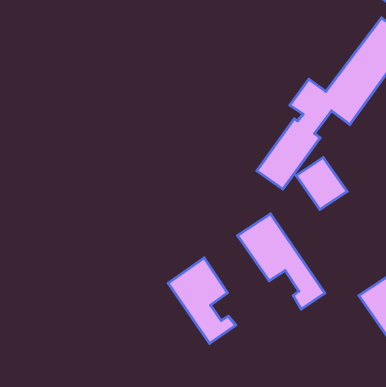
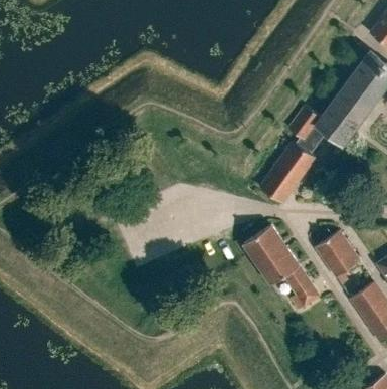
building: [296,157,347,210] -> [315,231,360,277]
building: [168,258,236,344] -> none

